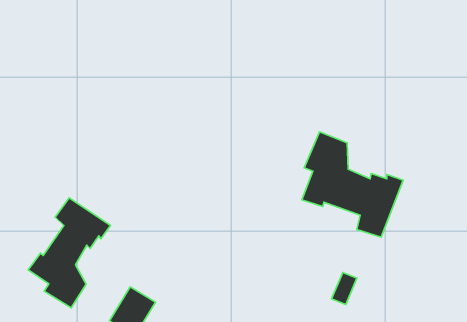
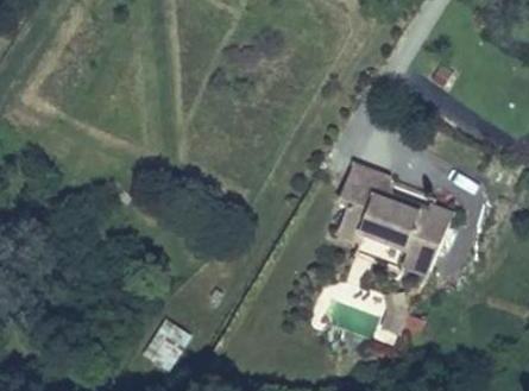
building: [28,198,110,308] -> none

